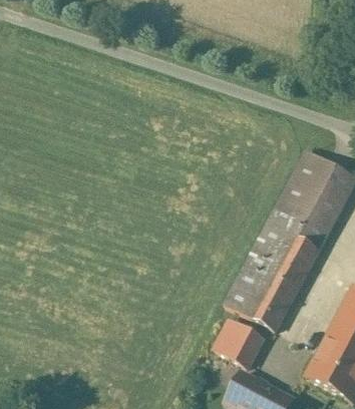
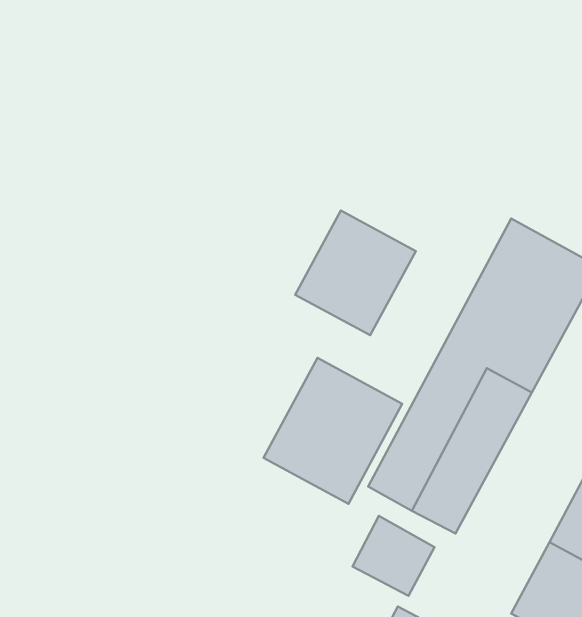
building: none -> [295,211,416,335]
building: none -> [264,358,402,504]

